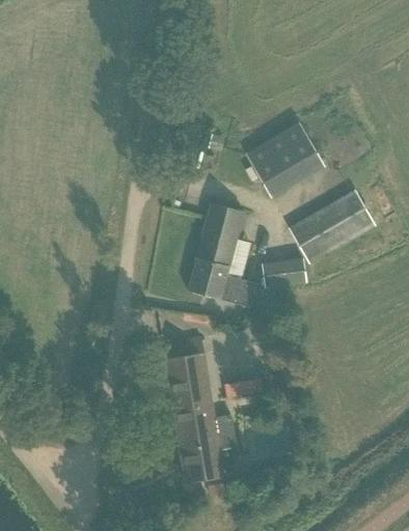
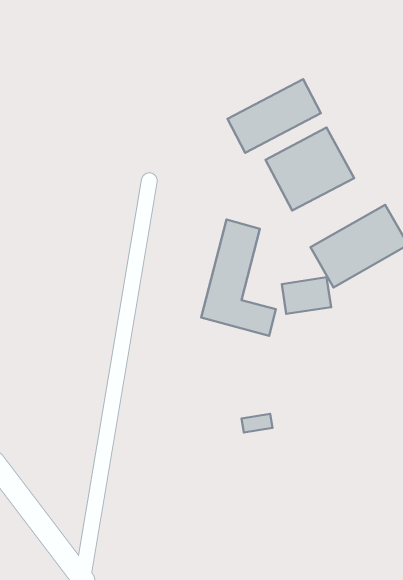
building: none -> [228,79,321,153]
building: [164,339,235,484] -> none

